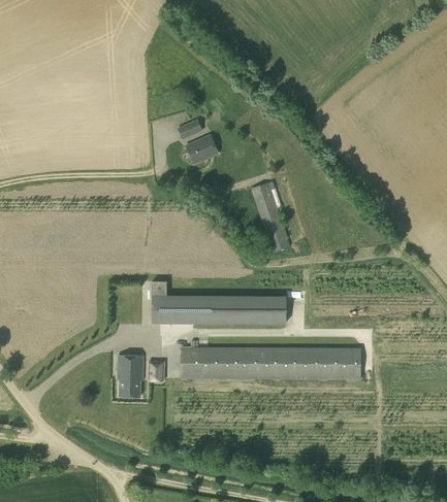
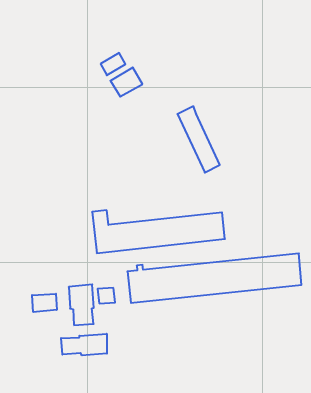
building: none -> [32,294,57,312]
building: none -> [61,334,107,355]

